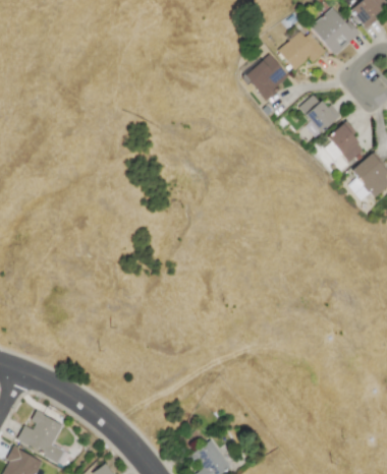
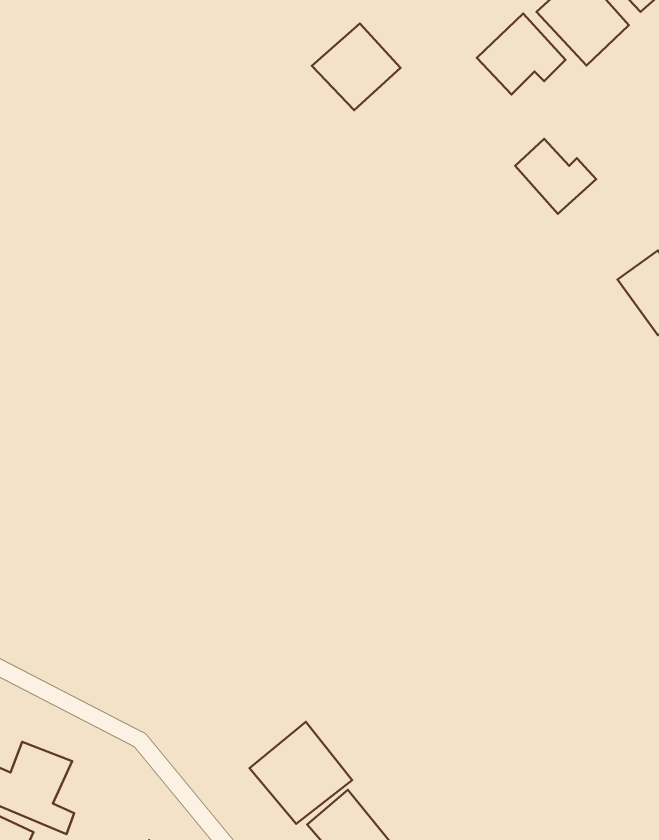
building: [243,55,290,101] -> [312,23,400,110]
building: [327,121,365,164] -> none
building: none -> [249,722,352,824]

